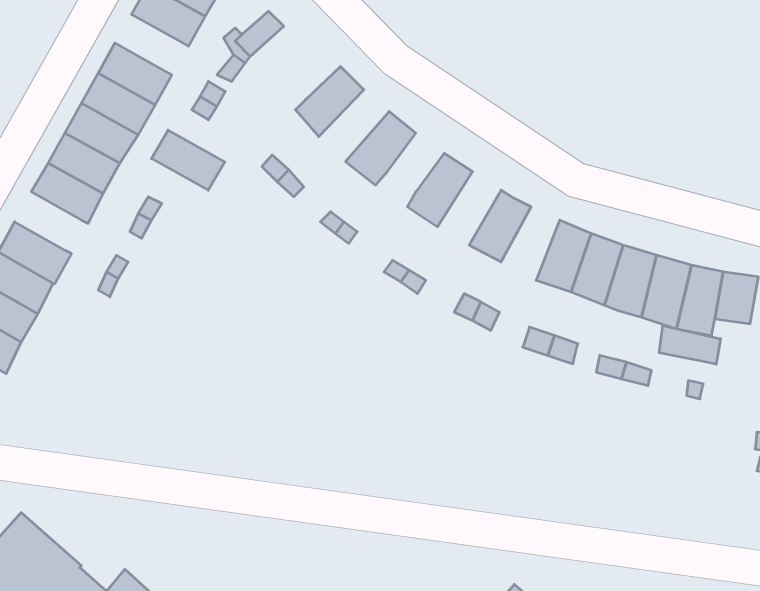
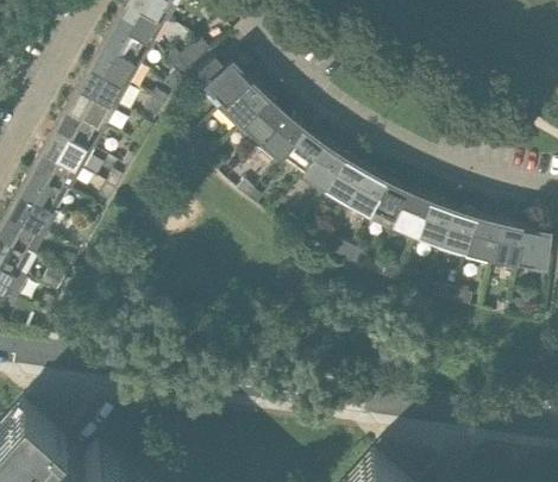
building: none -> [193,57,252,104]
building: none -> [237,96,287,148]
building: [151,130,225,190] -> [92,43,144,86]
building: none -> [286,127,326,169]
building: none -> [321,155,366,207]
building: none -> [20,169,68,211]
building: none -> [366,180,408,232]
building: [659,326,721,364] -> none

